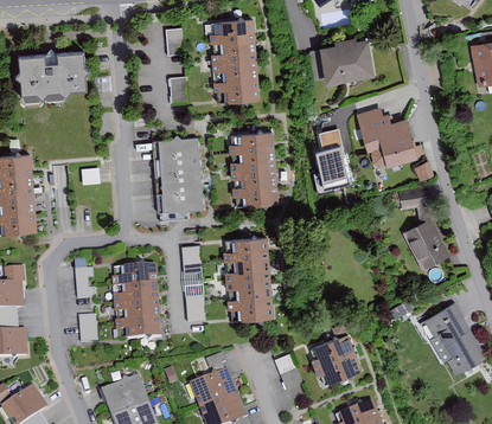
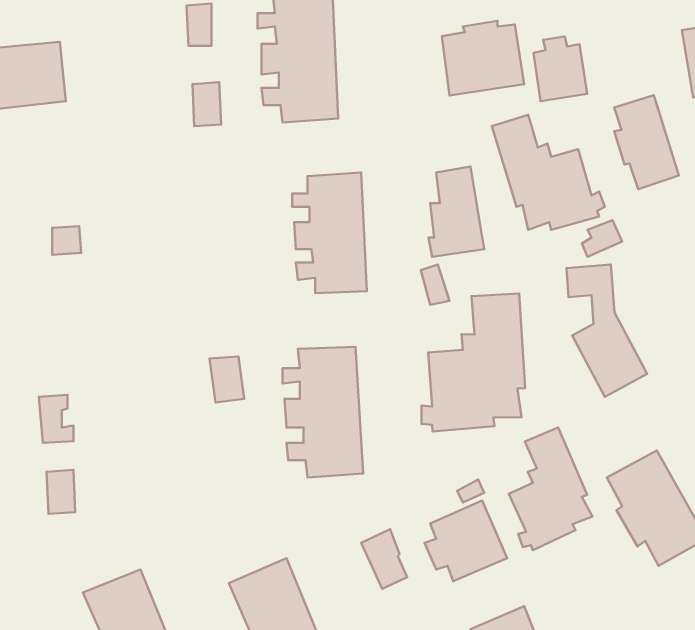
building: none -> [533,36,587,101]
building: none -> [614,95,679,189]
building: [156,139,202,213] -> none
building: none -> [422,294,525,432]
building: [111,268,158,342] -> none
building: [184,284,202,322] -> none
building: none -> [509,427,592,550]

